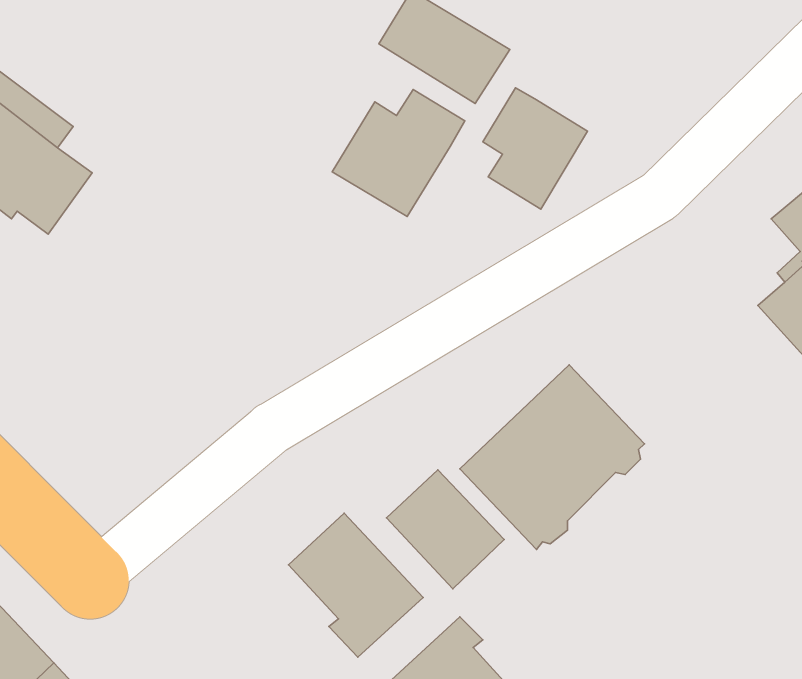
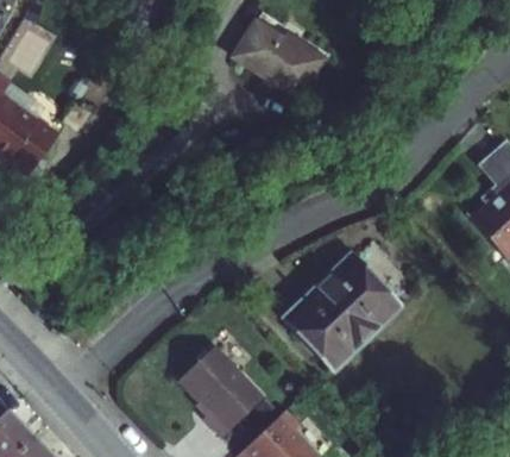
building: [483,88,588,209] -> none
building: [332,89,465,216] -> none
building: [386,470,504,589] -> none

